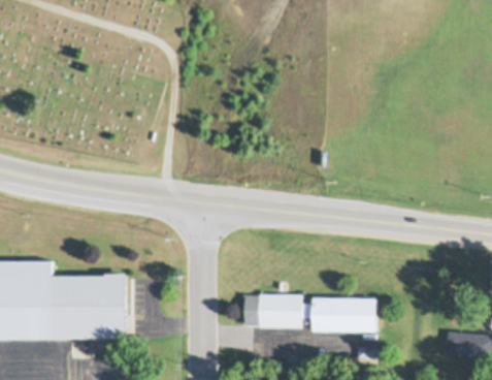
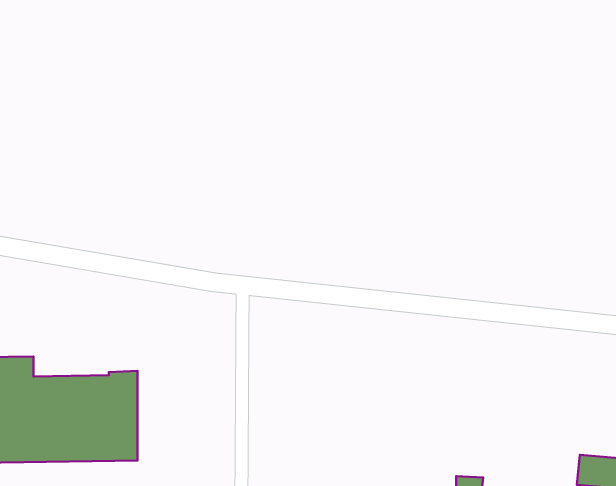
building: [244,294,376,330] -> none

